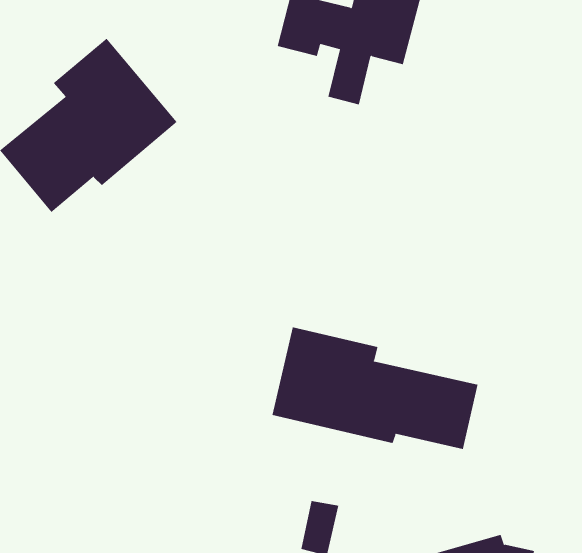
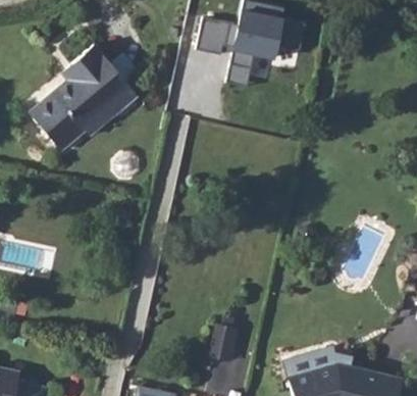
building: [272,327,478,450] -> none

